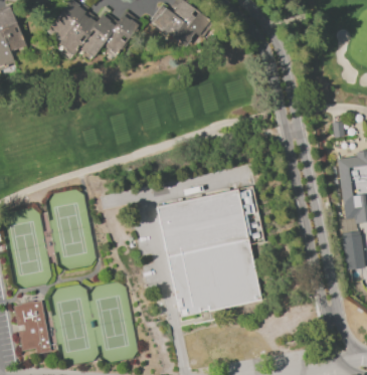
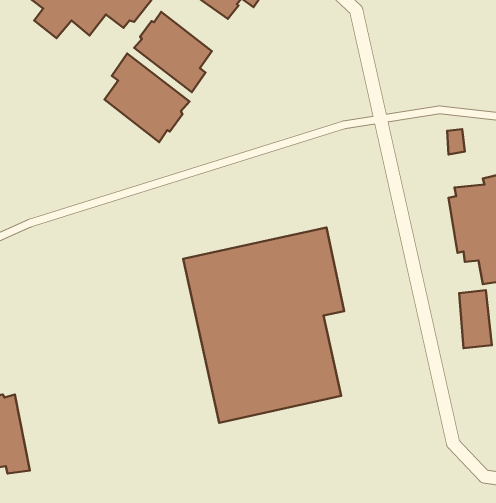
building: none -> [134,12,212,92]
building: none -> [104,54,189,142]

